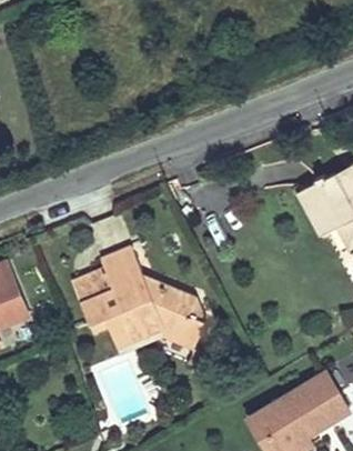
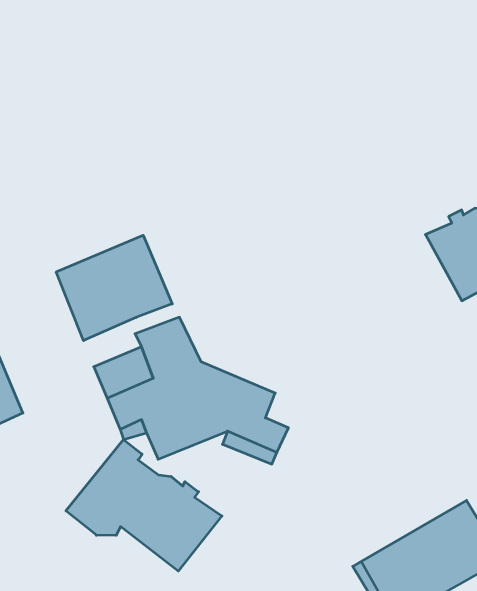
building: none -> [56,235,172,341]
building: none -> [66,439,222,571]

